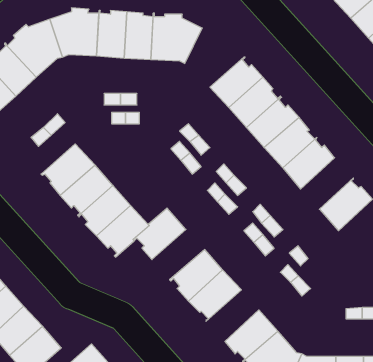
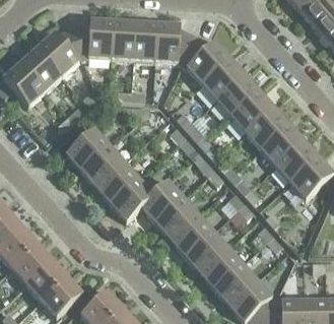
building: none -> [181,35,228,82]
building: none -> [274,139,317,181]
building: none -> [154,197,197,238]
building: none -> [198,246,241,287]

